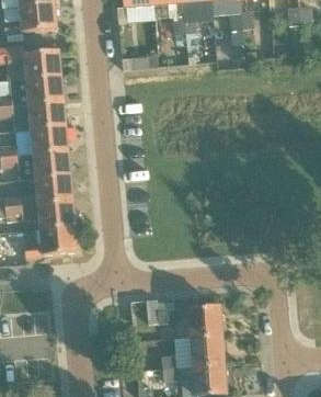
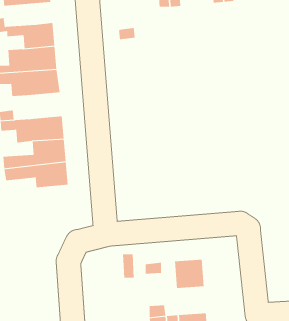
building: [31,125,68,154] -> none
building: [24,225,77,256] -> none
building: [191,334,223,365] -> none

